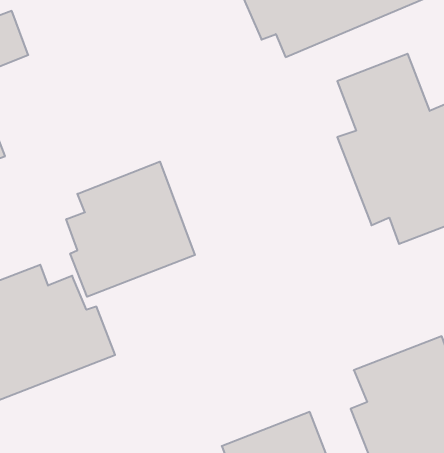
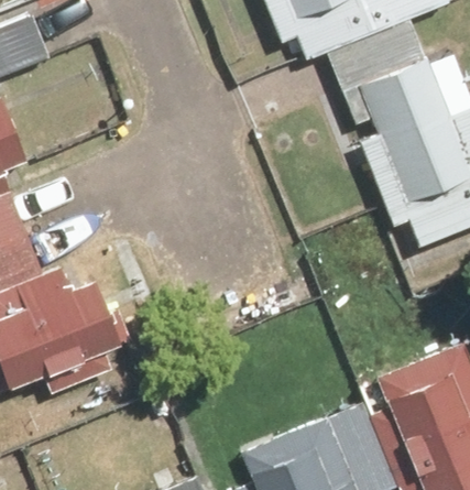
building: [66,162,195,297] -> none

